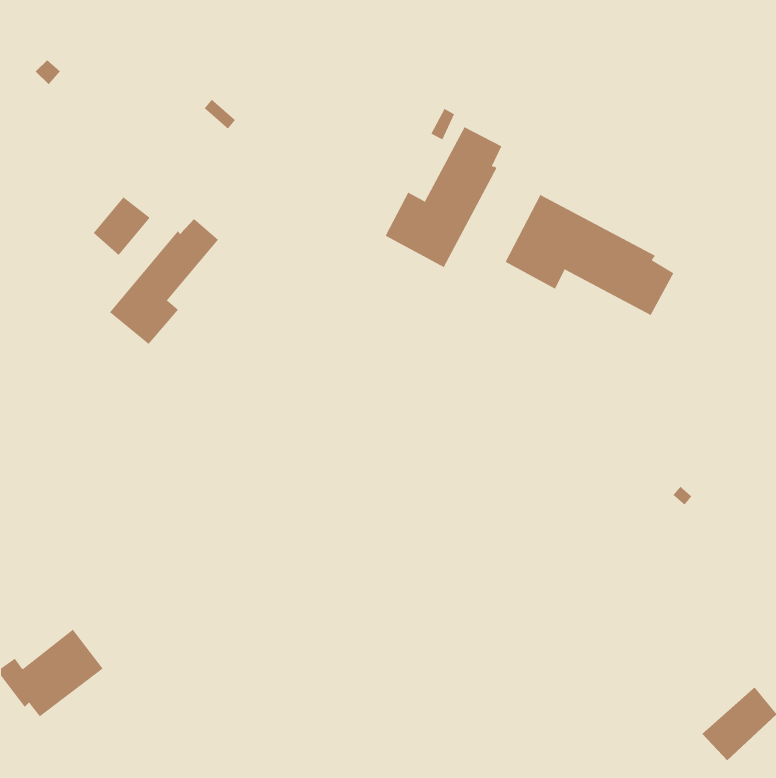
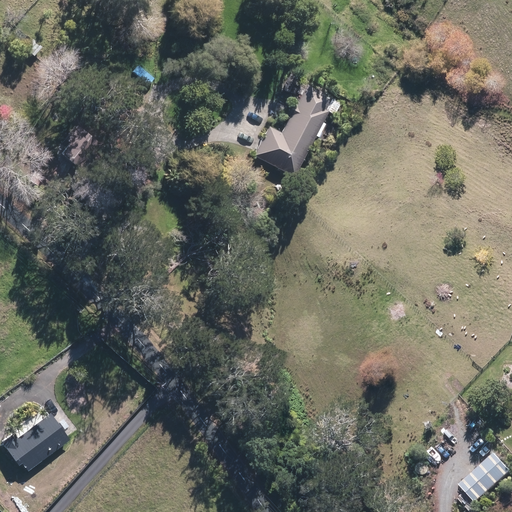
building: [505,194,674,316] -> none
building: [109,218,219,345] -> none

